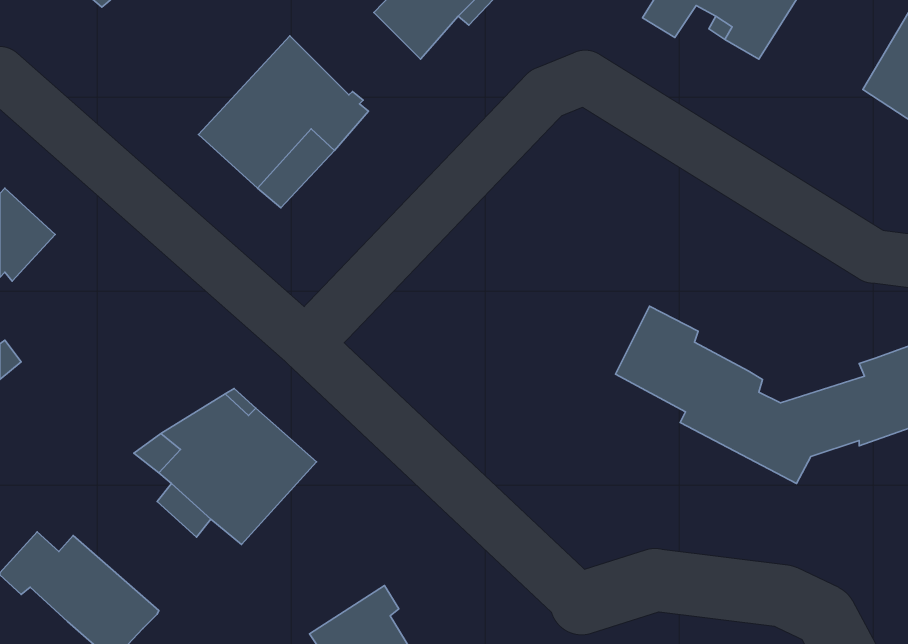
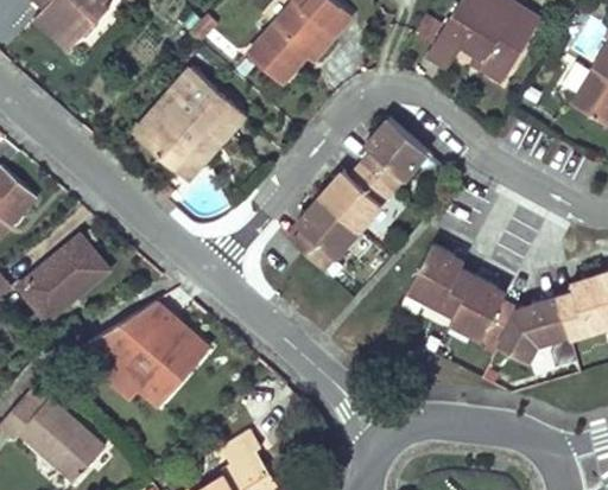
building: none -> [291,120,428,272]
building: none -> [19,233,110,319]

